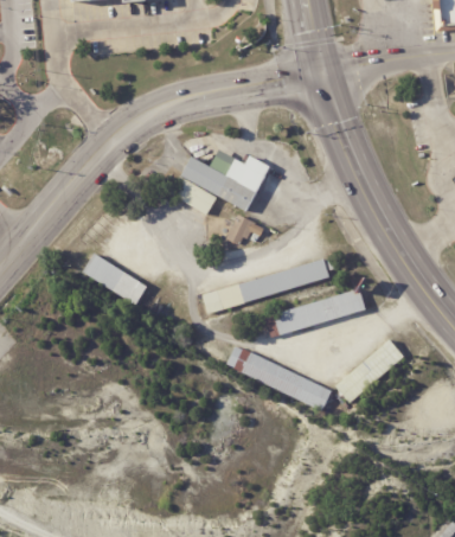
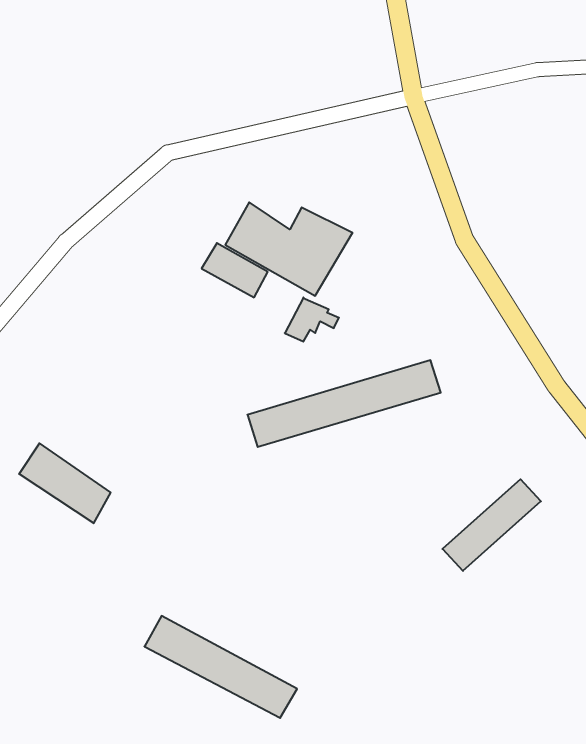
building: [82,251,146,307] -> [19,443,111,523]
building: [276,288,370,334] -> none
building: [226,341,333,413] -> [144,616,297,718]

